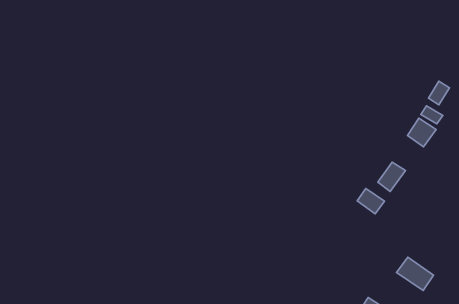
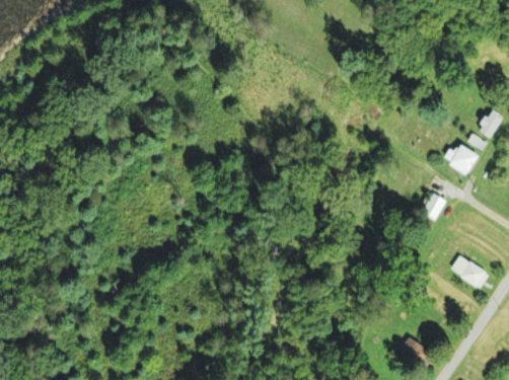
building: [357,188,385,214] -> none
building: [396,257,434,290] -> [449,254,489,290]

